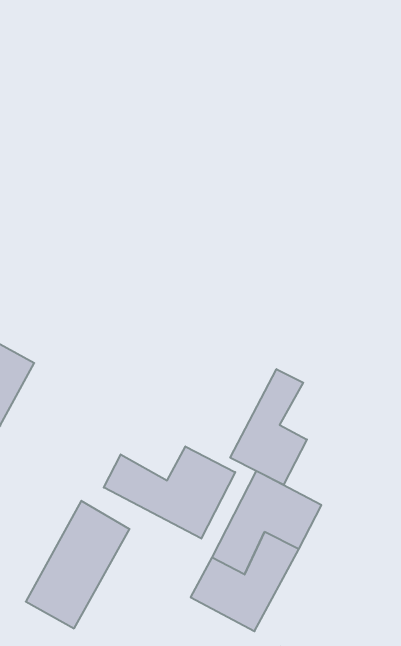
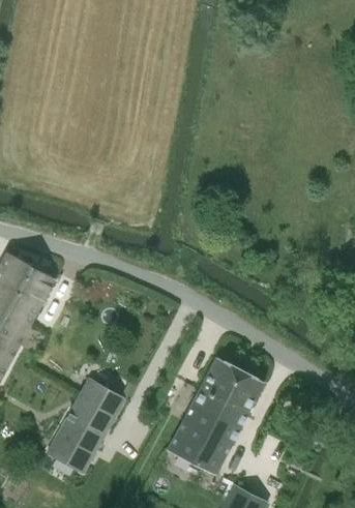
building: [230,369,307,485] -> none
building: [104,446,235,539] -> none

